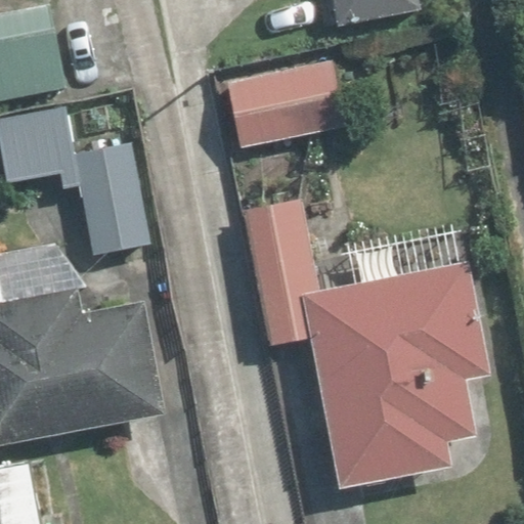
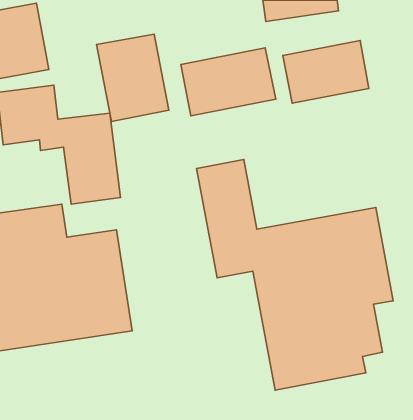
building: none -> [97,34,169,121]
building: none -> [283,40,369,103]

